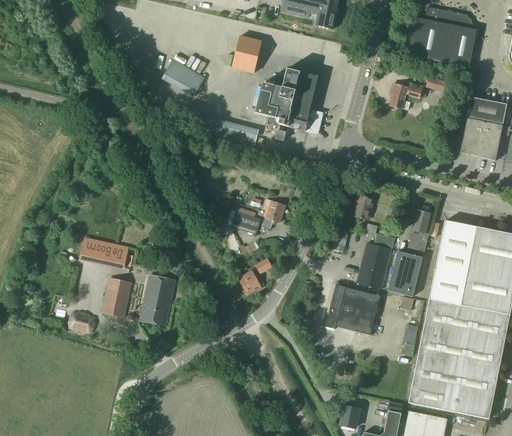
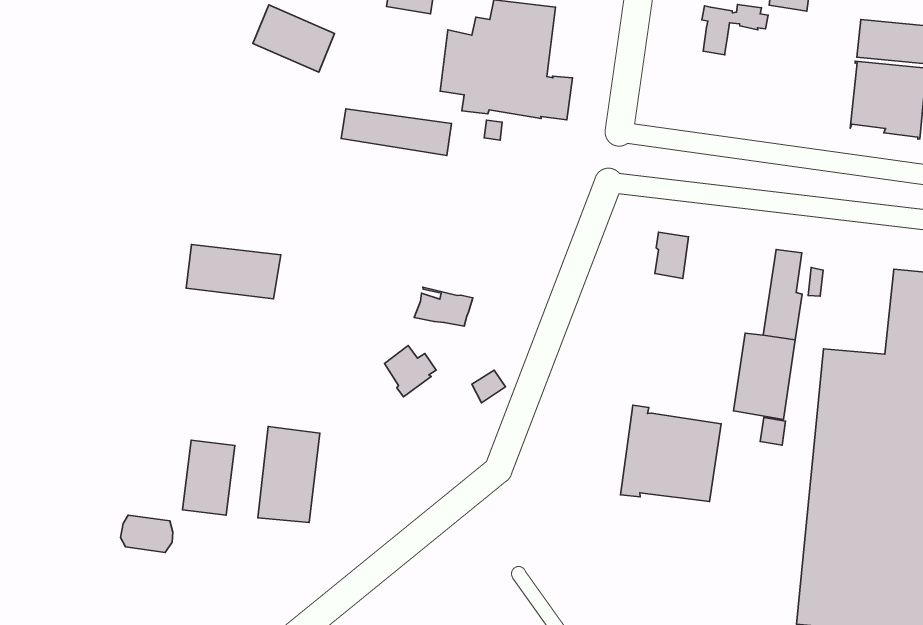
building: [260,197,286,228] -> none
building: [437,220,476,269] -> none
building: [356,234,394,289] -> none
building: [79,236,129,268] -> [186,244,281,299]
building: [238,270,264,296] -> [385,345,436,397]

